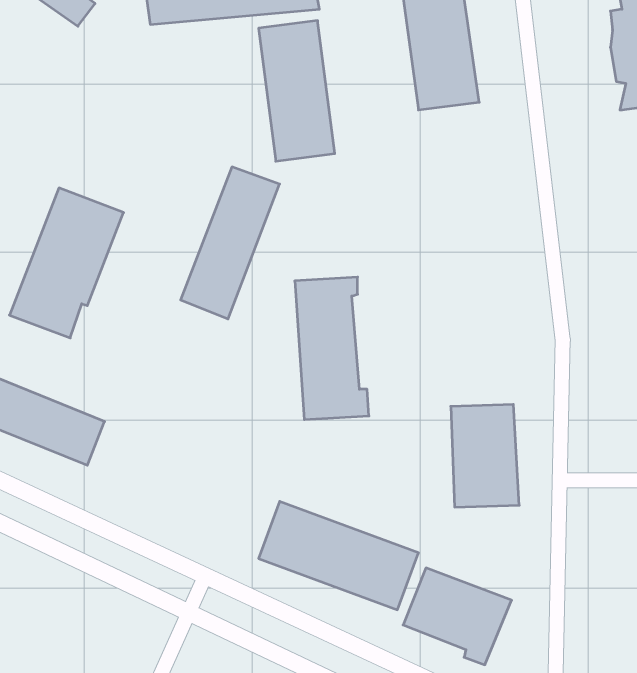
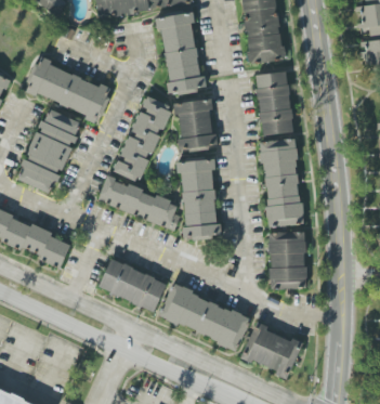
building: none -> [26,55,112,125]
building: none -> [257,71,293,135]
building: none -> [173,99,218,148]
building: none -> [261,138,303,227]
building: none -> [97,177,180,230]
building: none -> [99,259,167,311]

